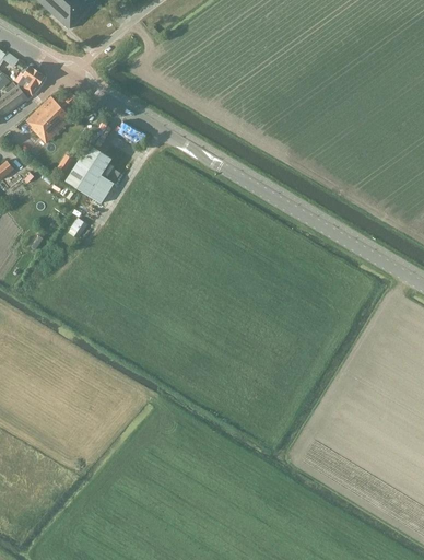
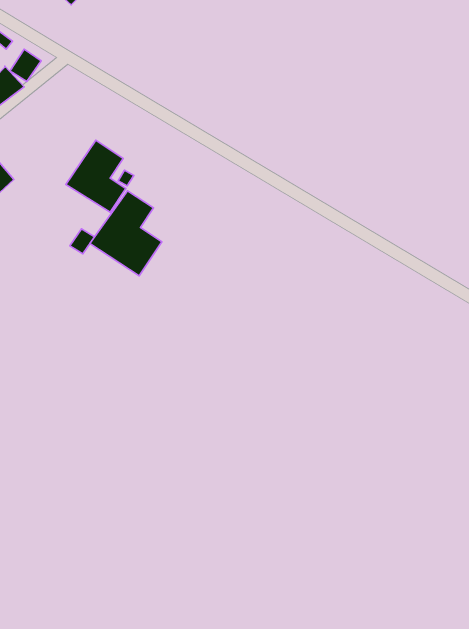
building: [24,90,80,143] -> none
building: none -> [90,191,162,276]

